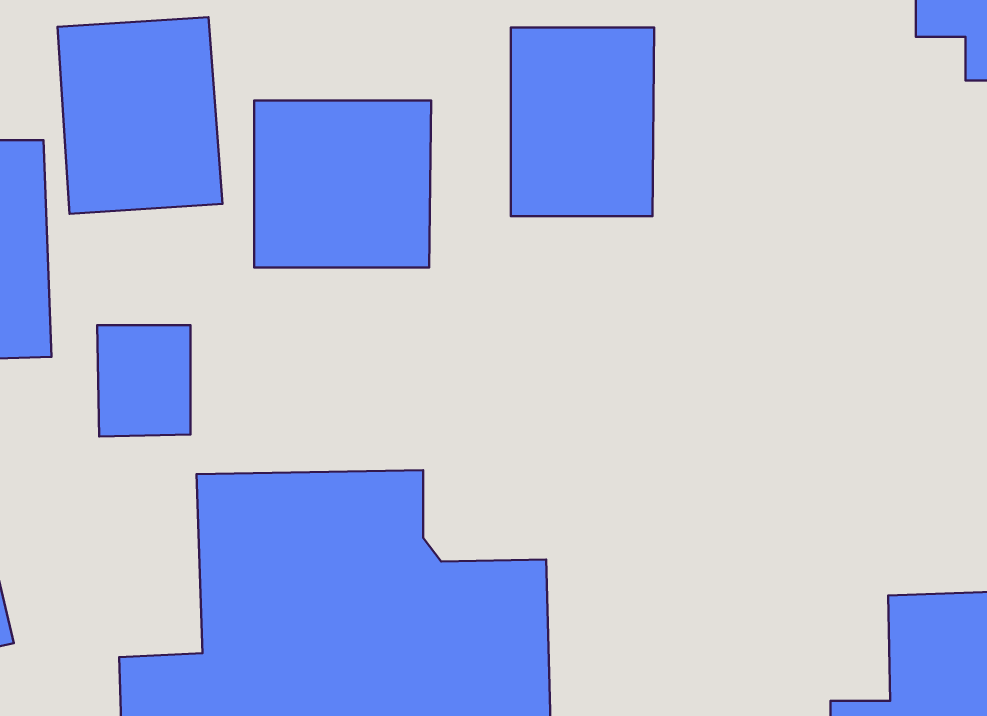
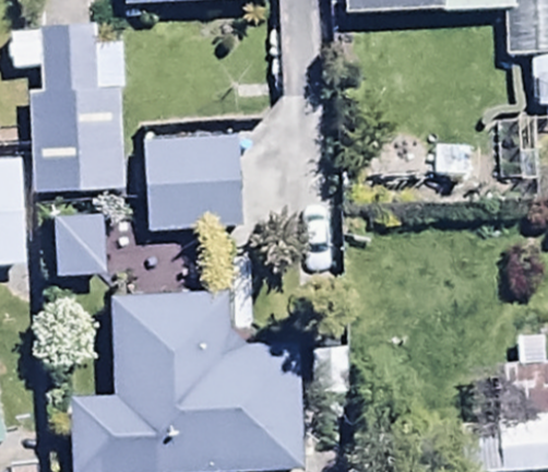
building: [511,27,654,216] -> none

